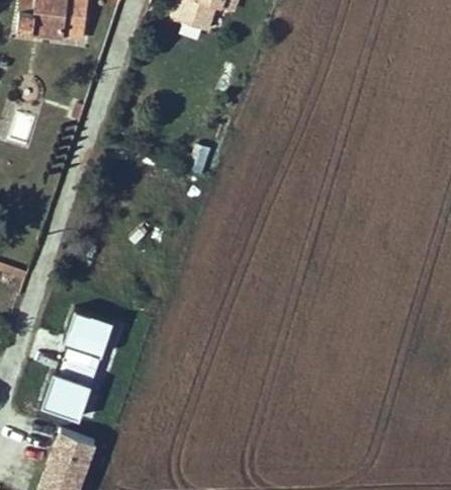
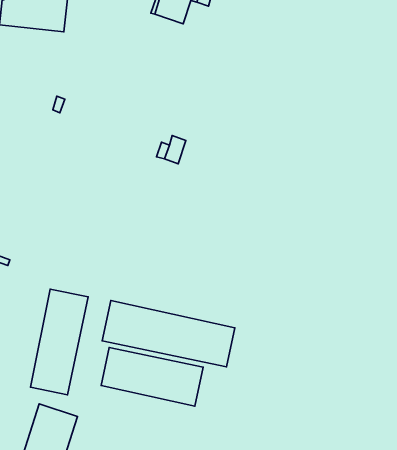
building: none -> [102,301,235,367]
building: none -> [101,347,203,406]

